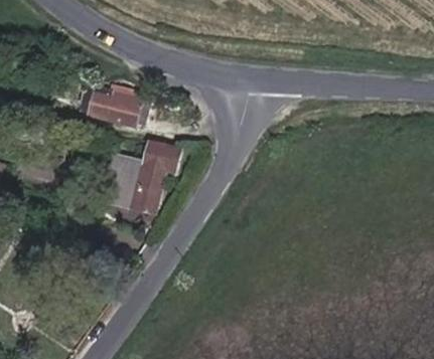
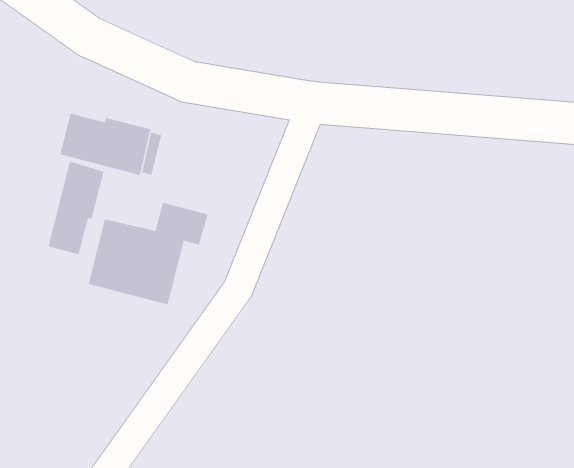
building: none -> [48,161,104,255]

